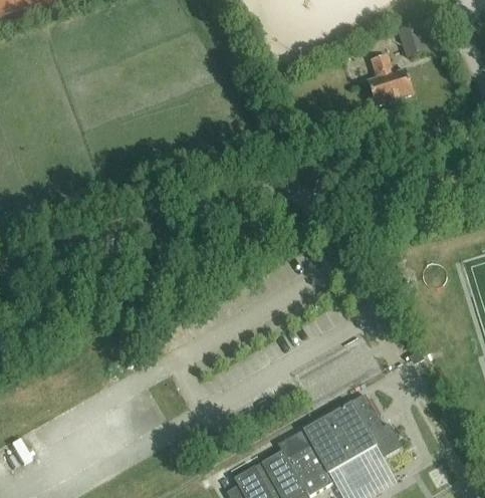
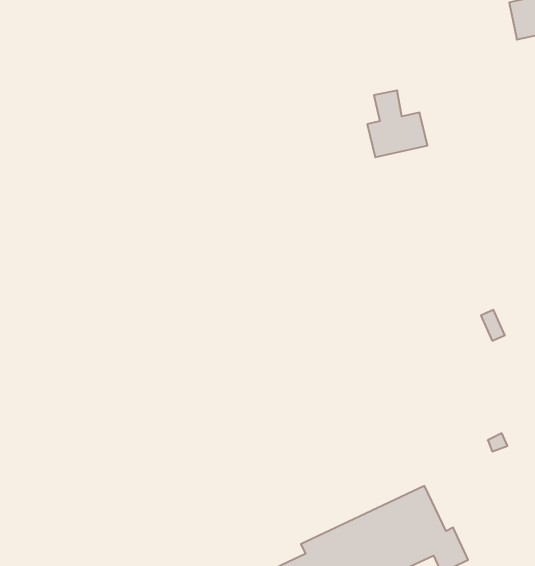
building: [368,56,414,107] -> [367,90,427,157]

